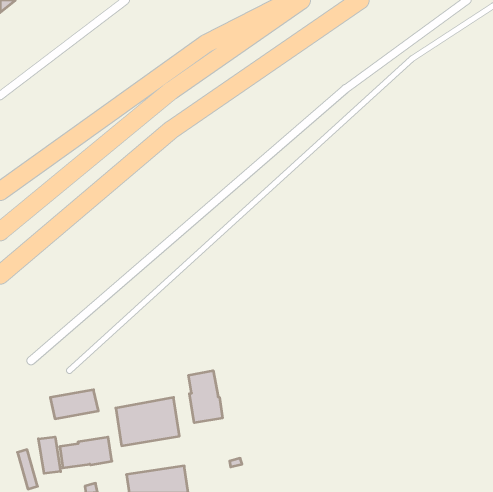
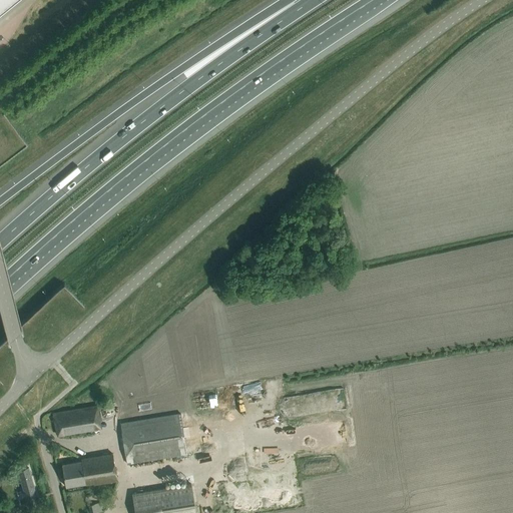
building: [189,371,222,423] -> none
building: [38,437,61,473] -> none

